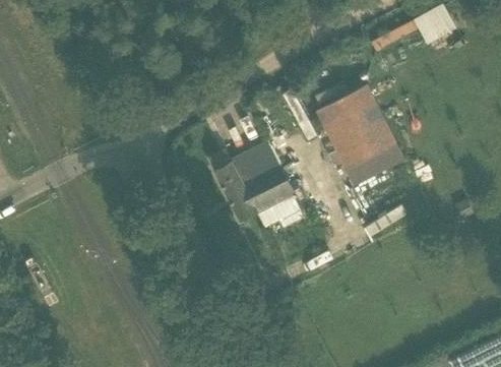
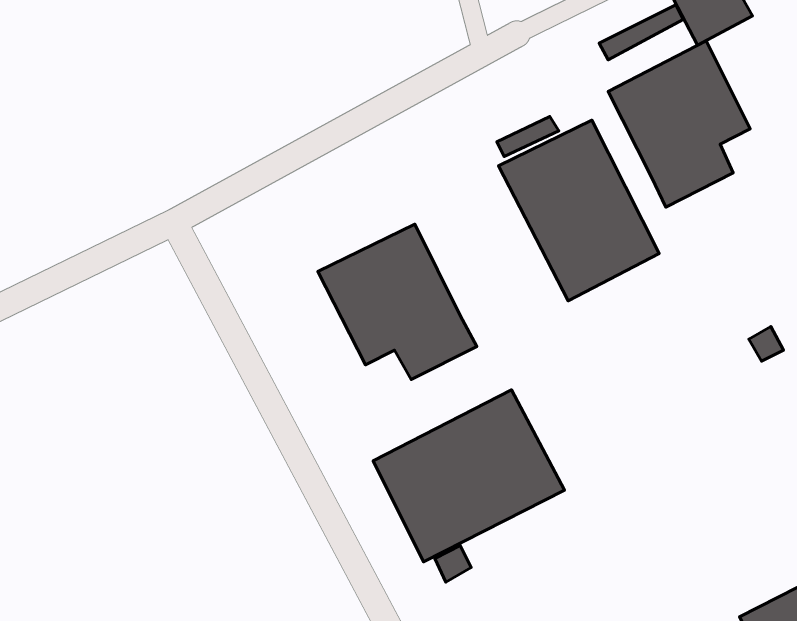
building: none -> [608,41,750,207]
building: none -> [373,390,565,562]

